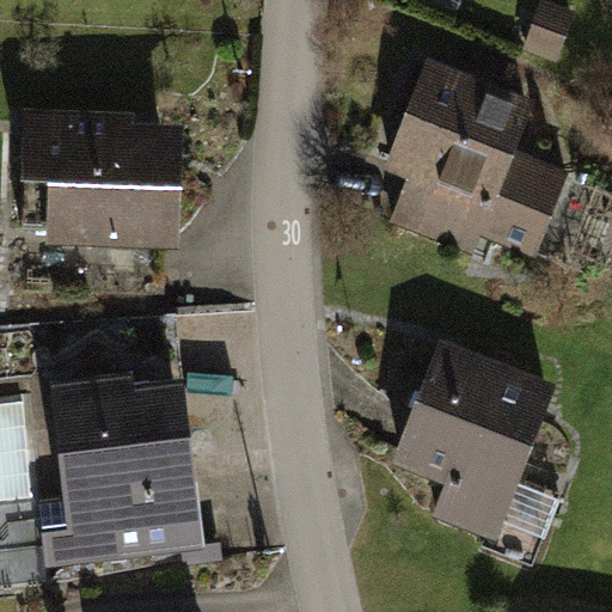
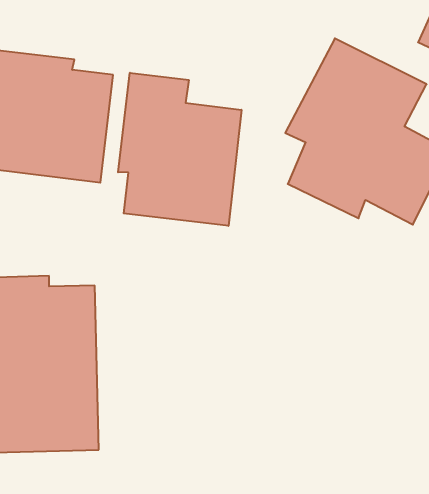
building: none -> [118,73,241,226]
building: [390,339,556,544] -> none

